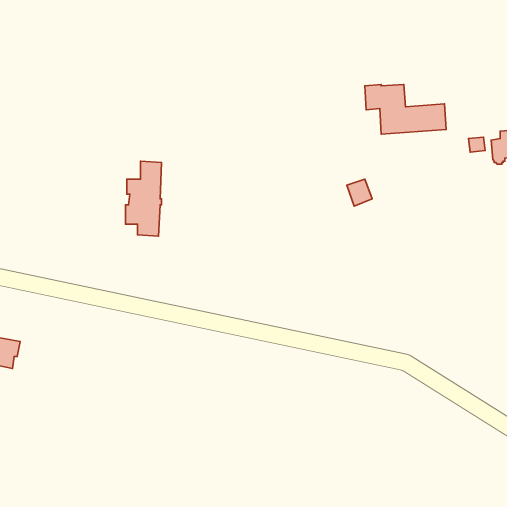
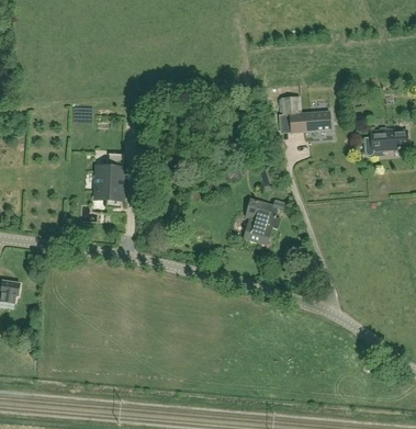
building: none -> [244,197,289,245]

